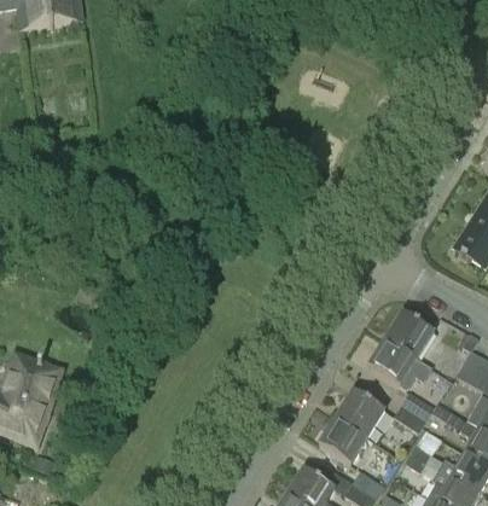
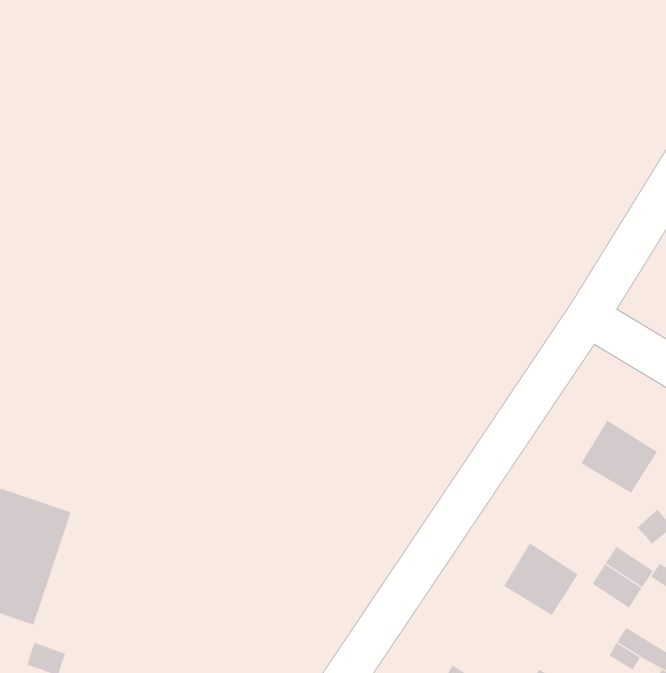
building: [368,339,418,385] -> none
building: [319,418,367,465] -> none

